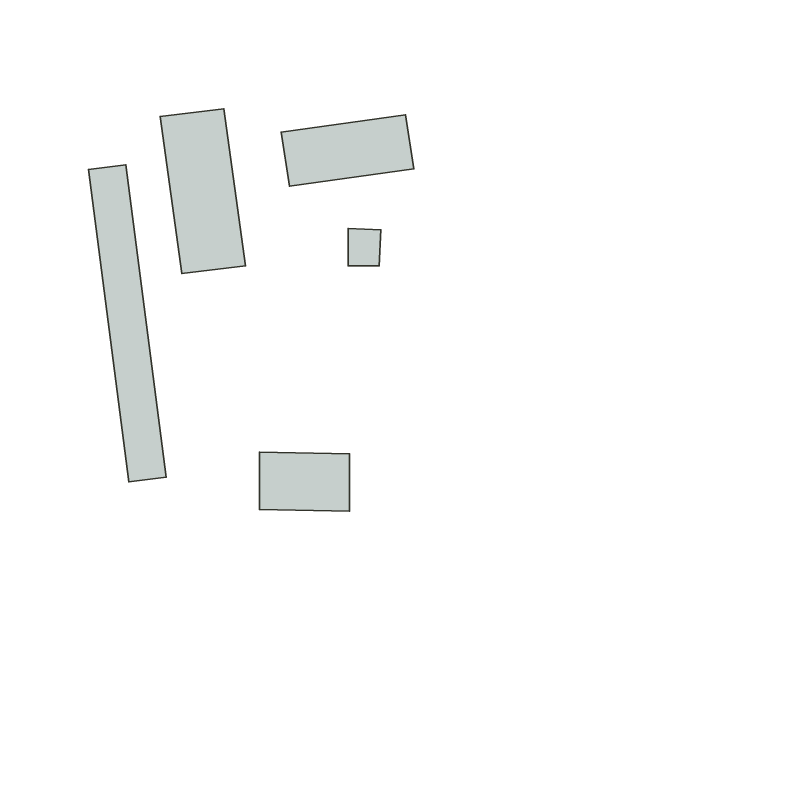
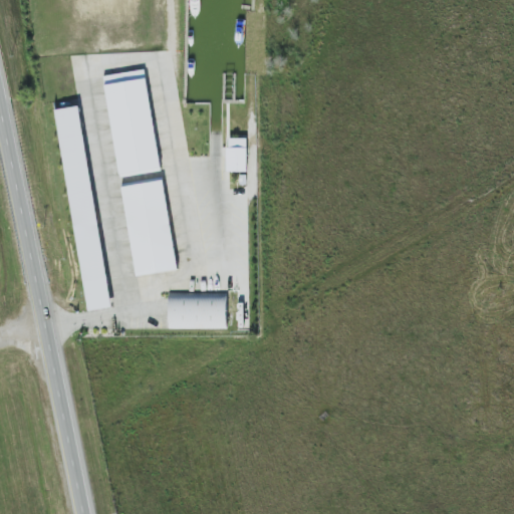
building: [281,115,414,186] -> none
building: none -> [120,178,176,276]

